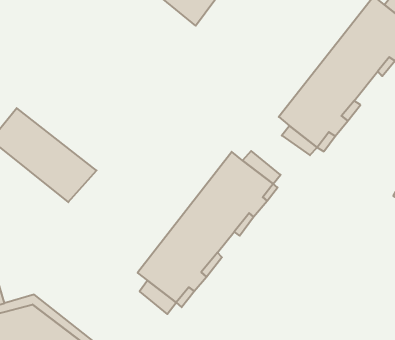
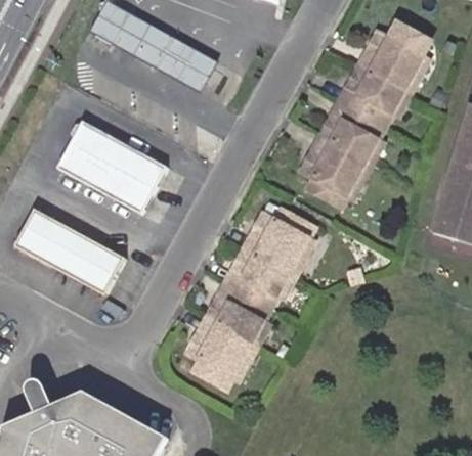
building: none -> [53,122,165,216]

